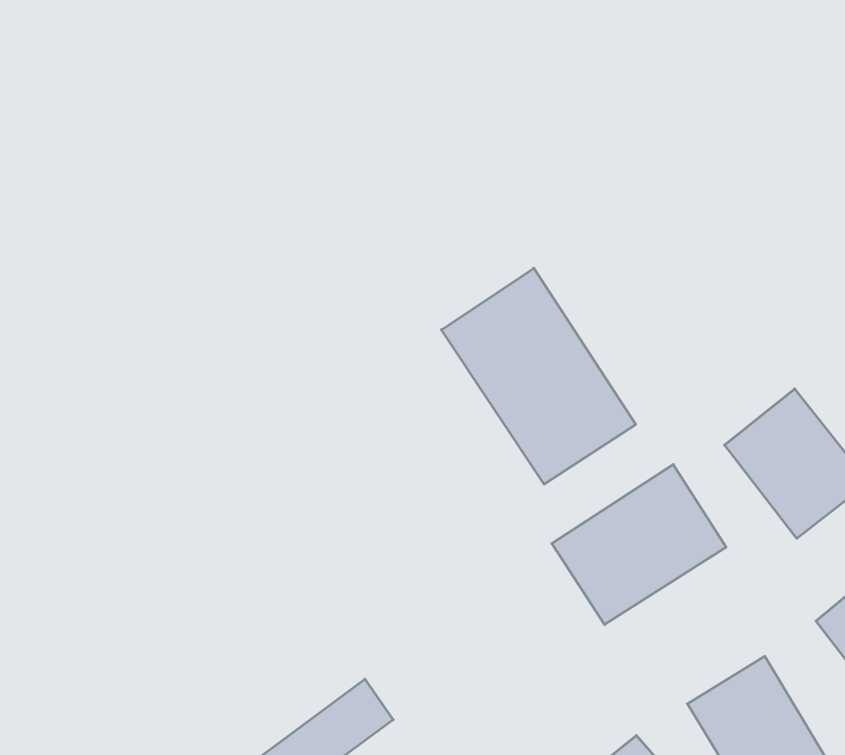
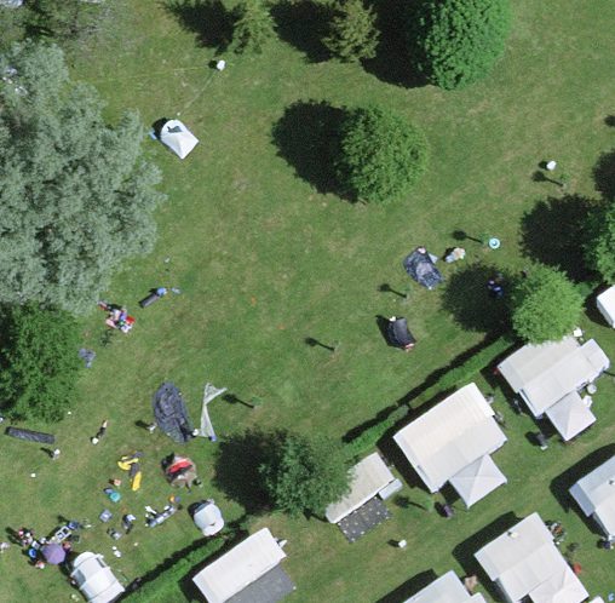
building: [441,268,636,484] -> none

